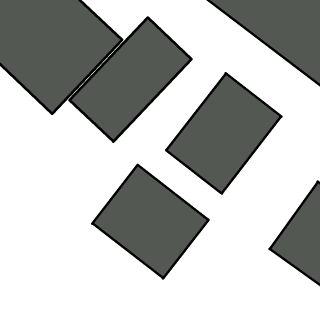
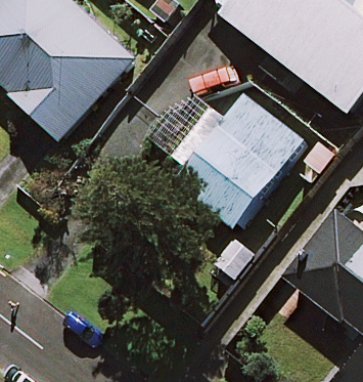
building: [70,18,191,142] -> none
building: [92,165,208,278] -> none

